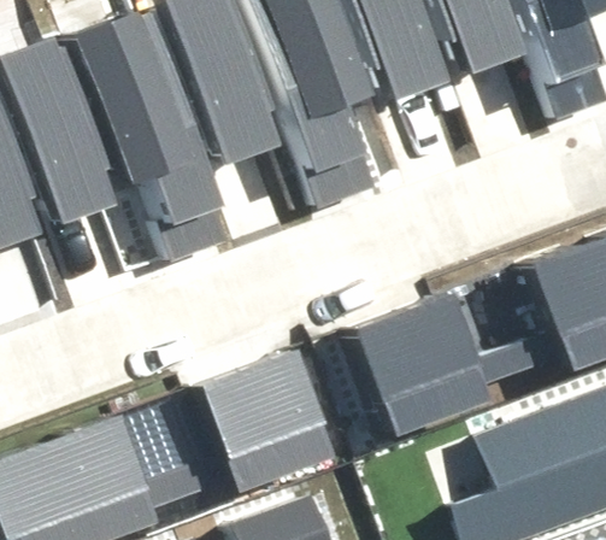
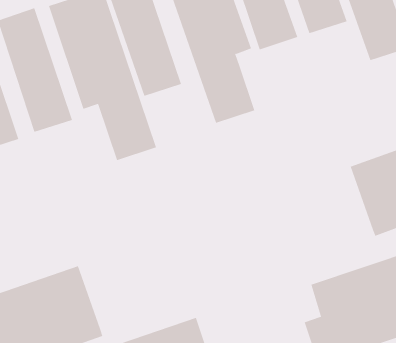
building: [347,293,478,428] -> none
building: [202,356,333,489] -> none

